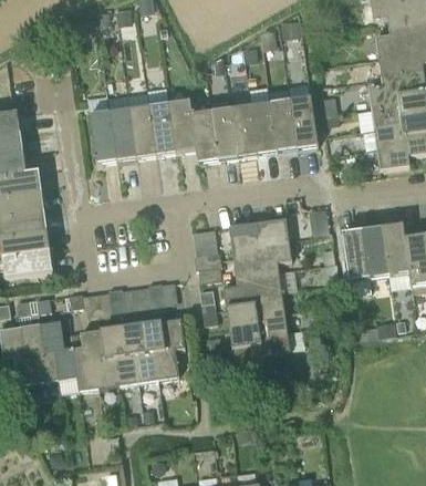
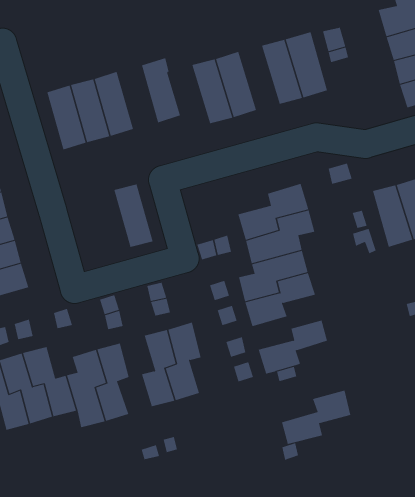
building: [249,101,276,153] -> none
building: [148,103,175,154] -> [113,184,154,248]
building: [189,108,217,162] -> none
building: [228,309,285,347] -> [281,390,351,445]
building: [113,322,144,384] -> none

